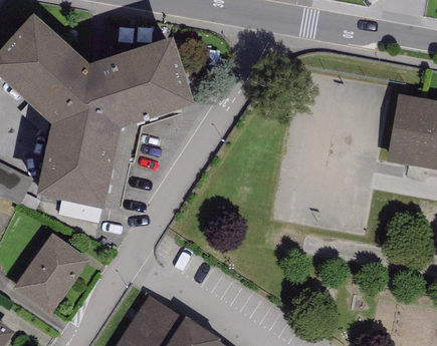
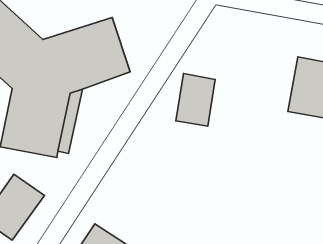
building: none -> [176,73,215,126]

